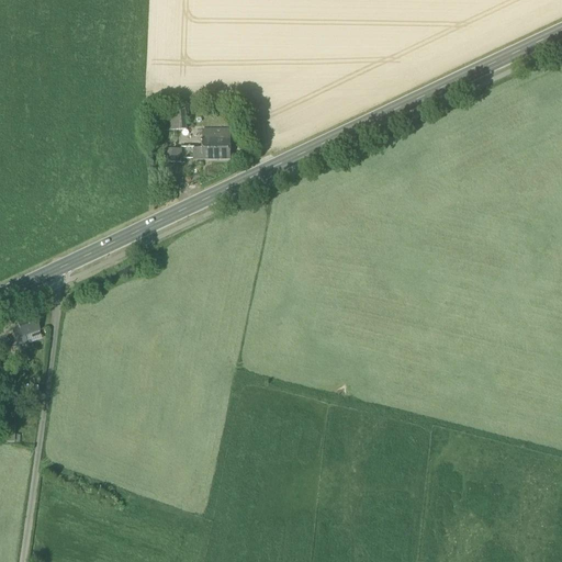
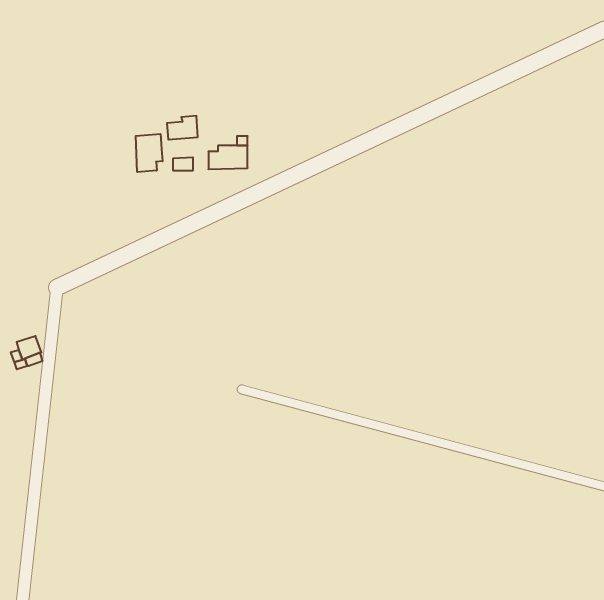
building: none -> [136,134,163,172]

